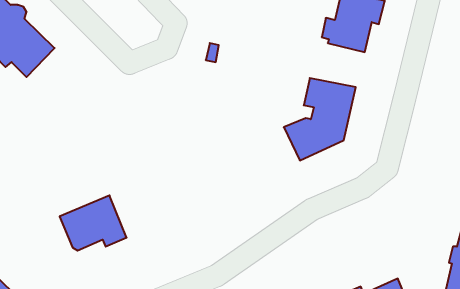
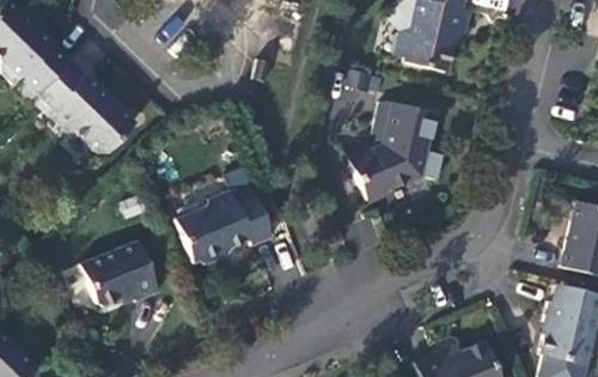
building: none -> [42,65,138,157]
building: none -> [177,189,274,261]

